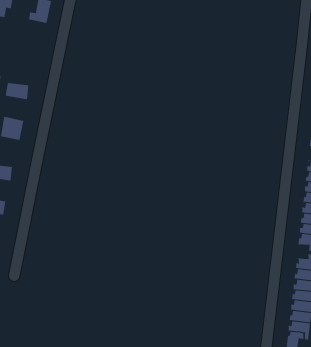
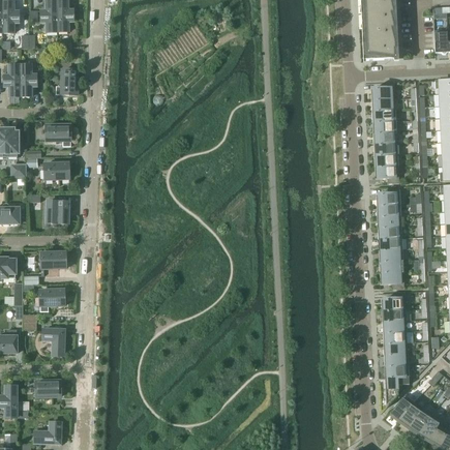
building: none -> [46,124,70,145]

